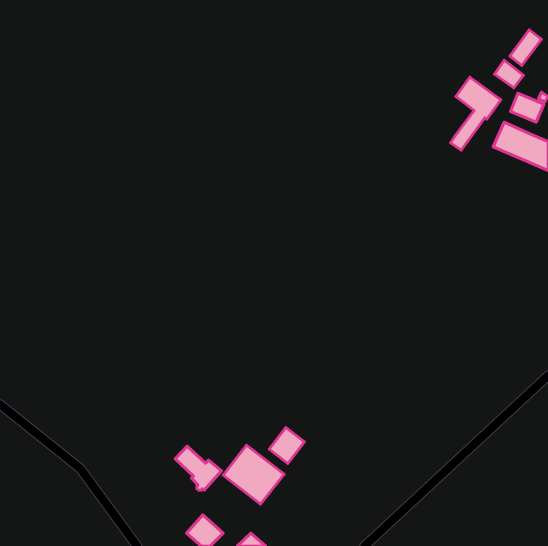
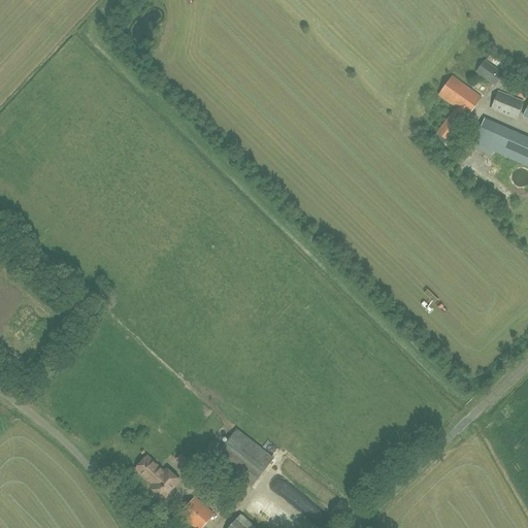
building: [510,30,541,65] -> none
building: [269,427,305,464] -> none
building: [175,446,221,490] -> [135,455,179,497]

